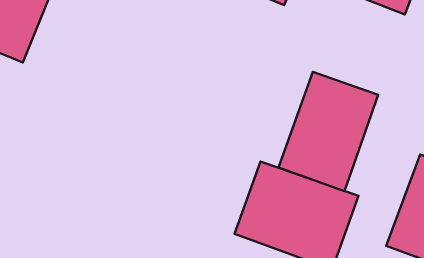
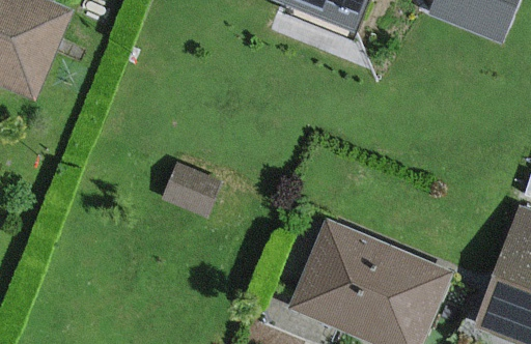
building: [278,72,378,191] -> none

